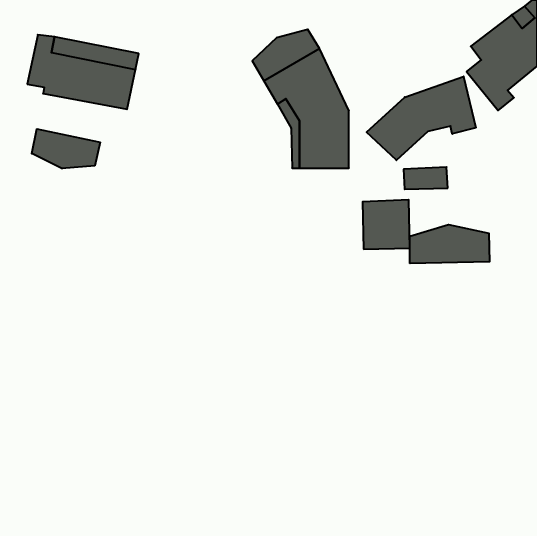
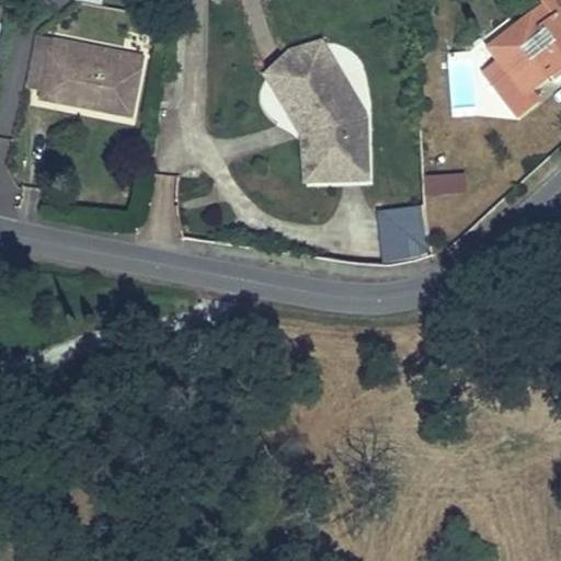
building: [367,76,476,160] -> none
building: [32,129,100,169] -> none
building: [410,225,490,263] -> none

